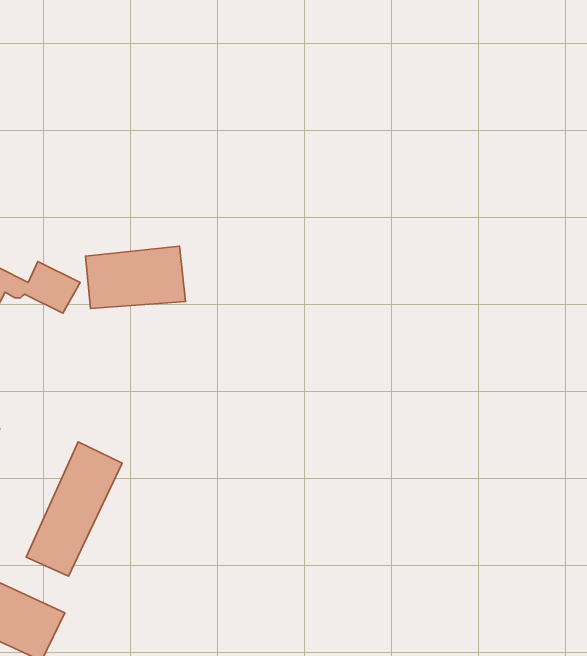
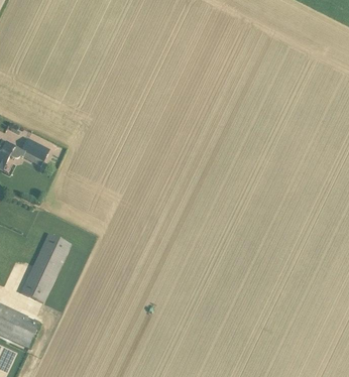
building: [86,246,185,309] -> none

